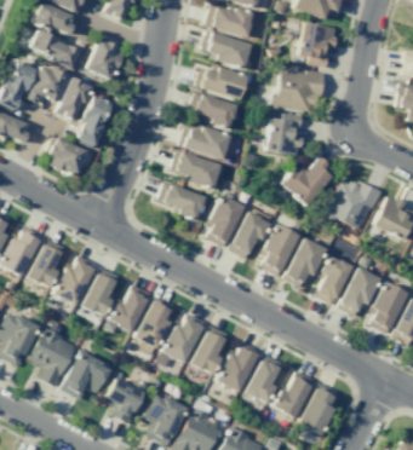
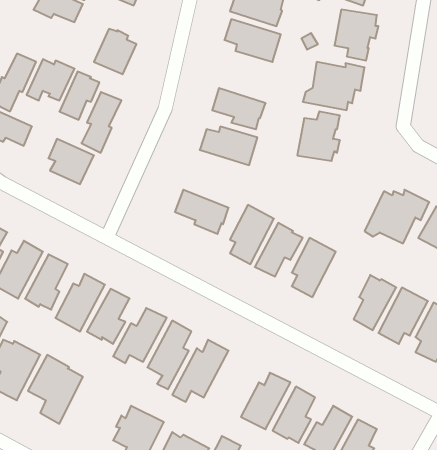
building: [30,29,81,69] -> none
building: [196,65,247,100] -> none
building: [171,151,220,189] -> none
building: [281,157,333,207] -> none
building: [282,238,326,287] -> none
building: [189,325,226,374] -> none
building: [61,347,109,402] -> none

